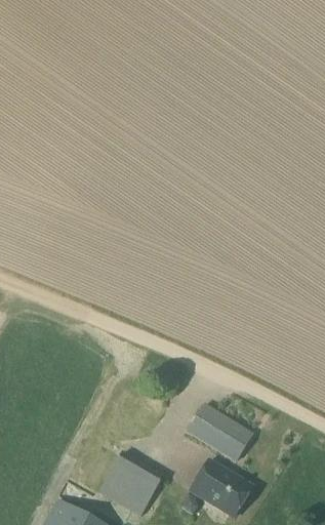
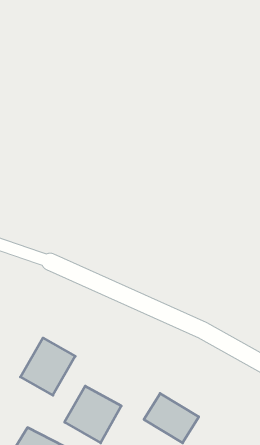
building: none -> [20,338,75,395]
building: [187,402,254,461] -> none

